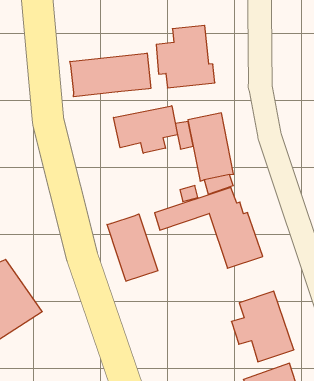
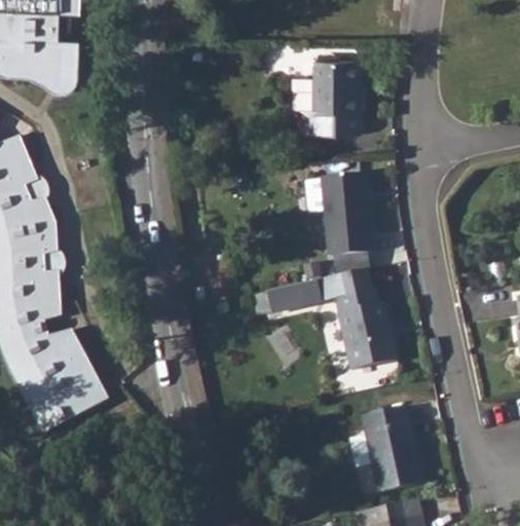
building: [70,53,151,97] -> none
building: [114,106,178,153] -> none
building: [107,214,158,281] -> none

